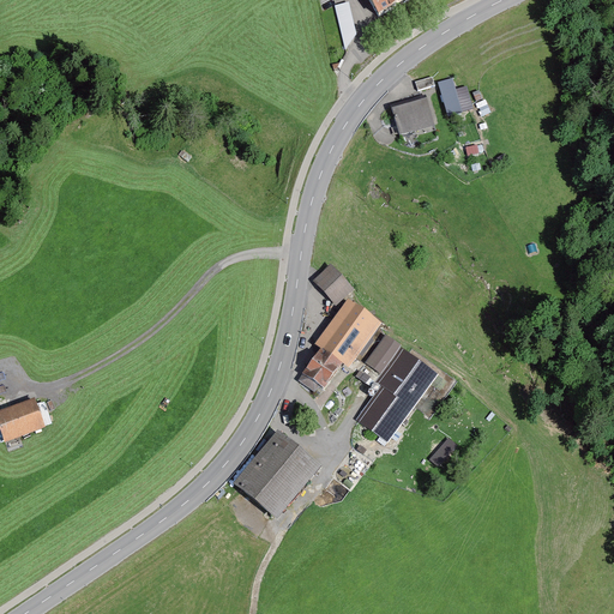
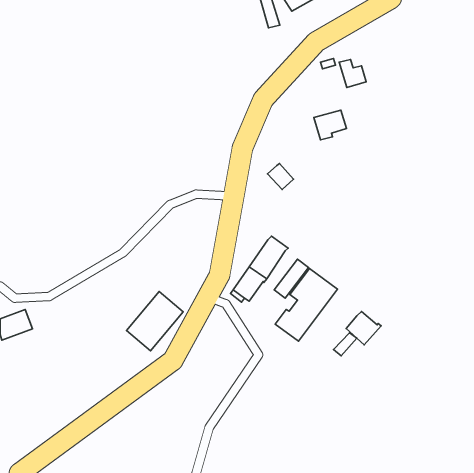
building: [390,95,432,133] -> [314,110,347,140]
building: [315,267,349,301] -> [267,164,293,190]
building: none -> [346,311,381,345]
building: [240,437,313,513] -> [126,292,183,351]

